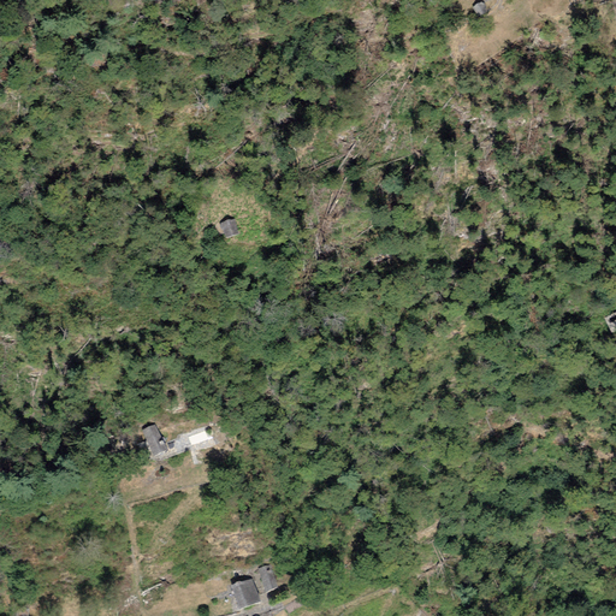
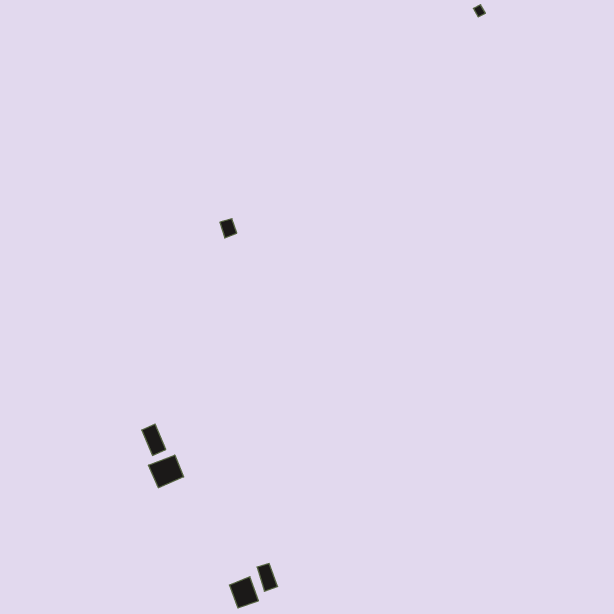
building: none -> [149,455,184,488]

